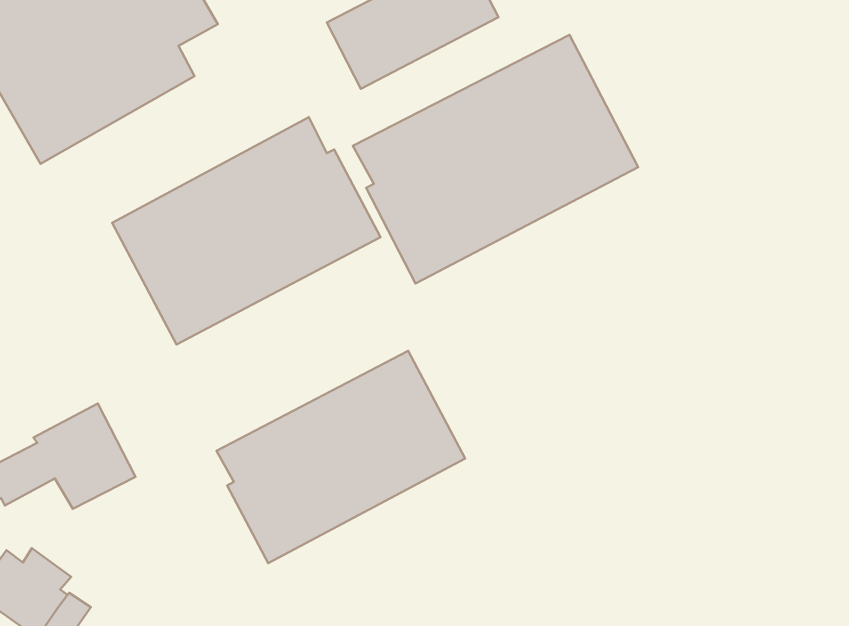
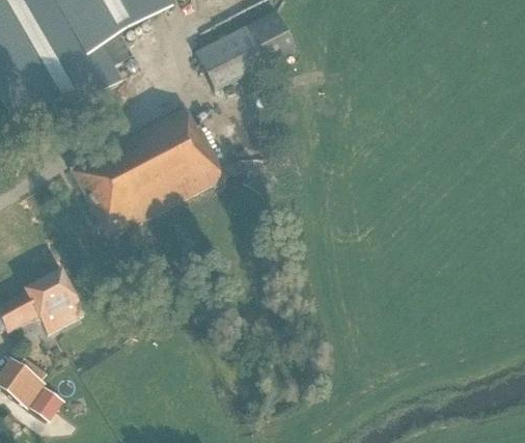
building: [353,35,638,283] -> none
building: [217,351,465,563] -> none

